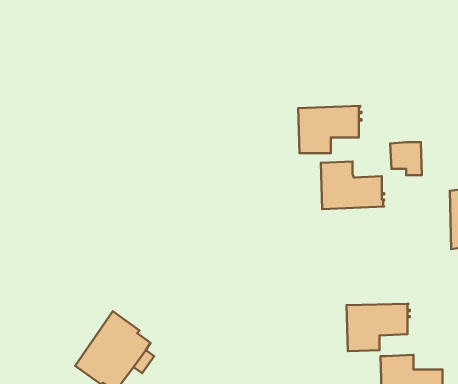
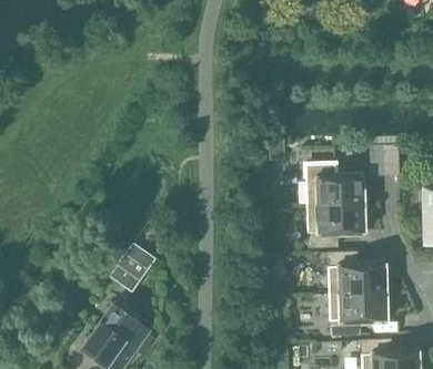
building: [298,106,361,153] -> [308,204,365,247]
building: none -> [109,243,155,293]
building: none -> [329,252,386,294]

